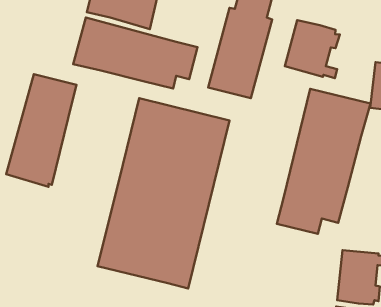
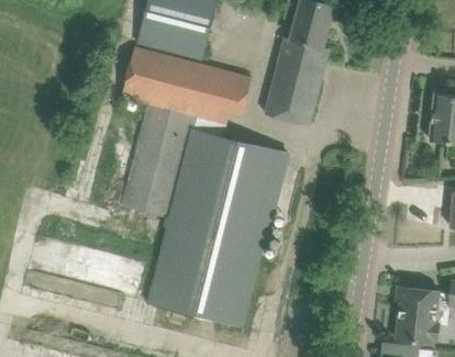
building: [285,20,340,78] -> none
building: [6,74,76,187] -> [123,102,196,219]
building: [277,89,371,234] -> none

